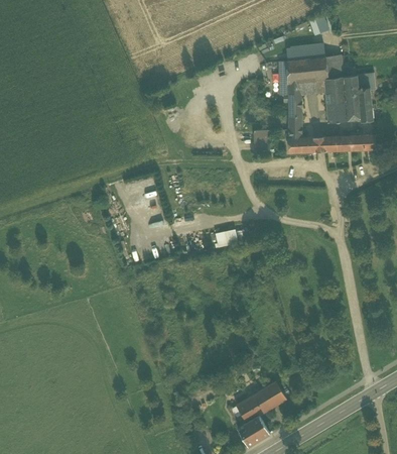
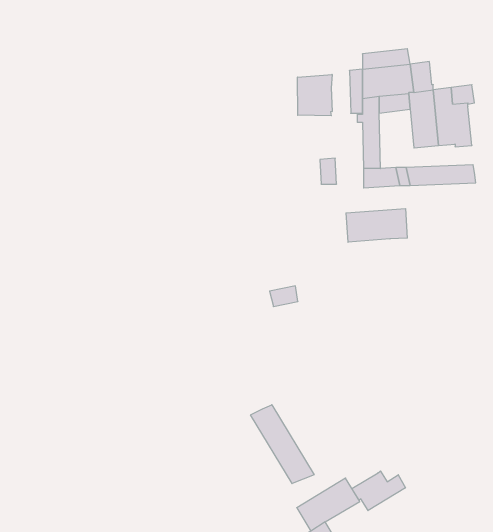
building: none -> [298,74,332,116]
building: none -> [346,209,407,242]
building: none -> [251,405,314,484]
building: none -> [352,471,405,511]

